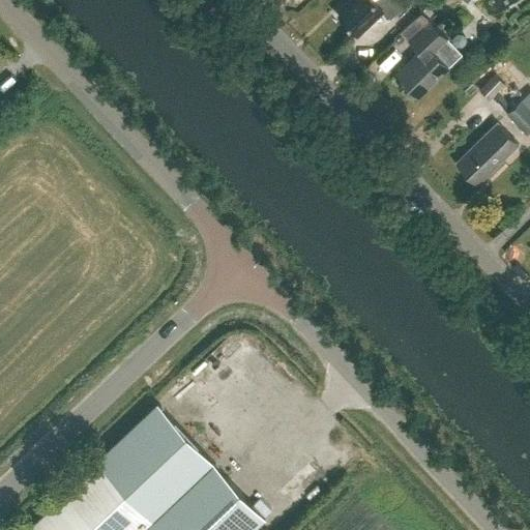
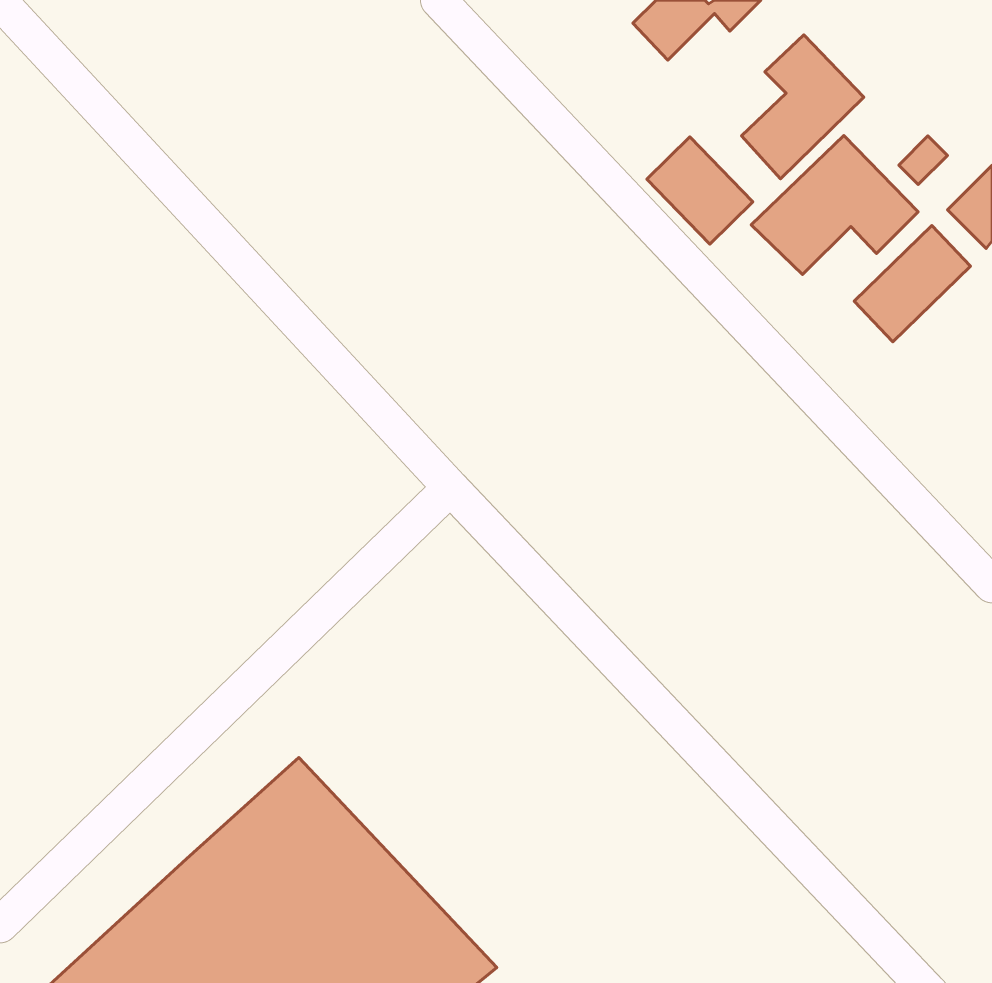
building: none -> [751,135,918,274]
building: none -> [647,137,753,244]

